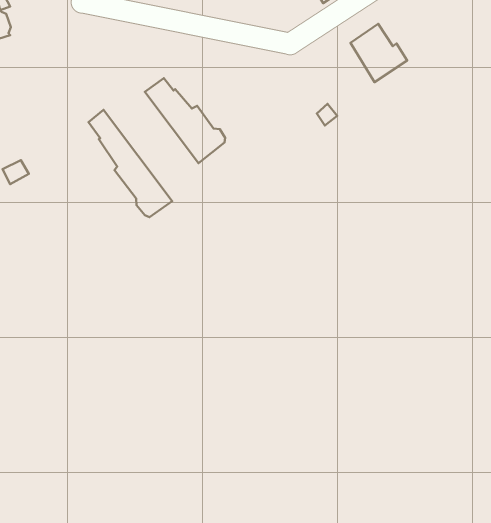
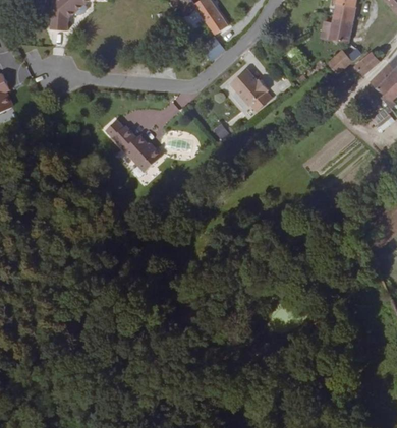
building: [89,110,172,217] -> none

